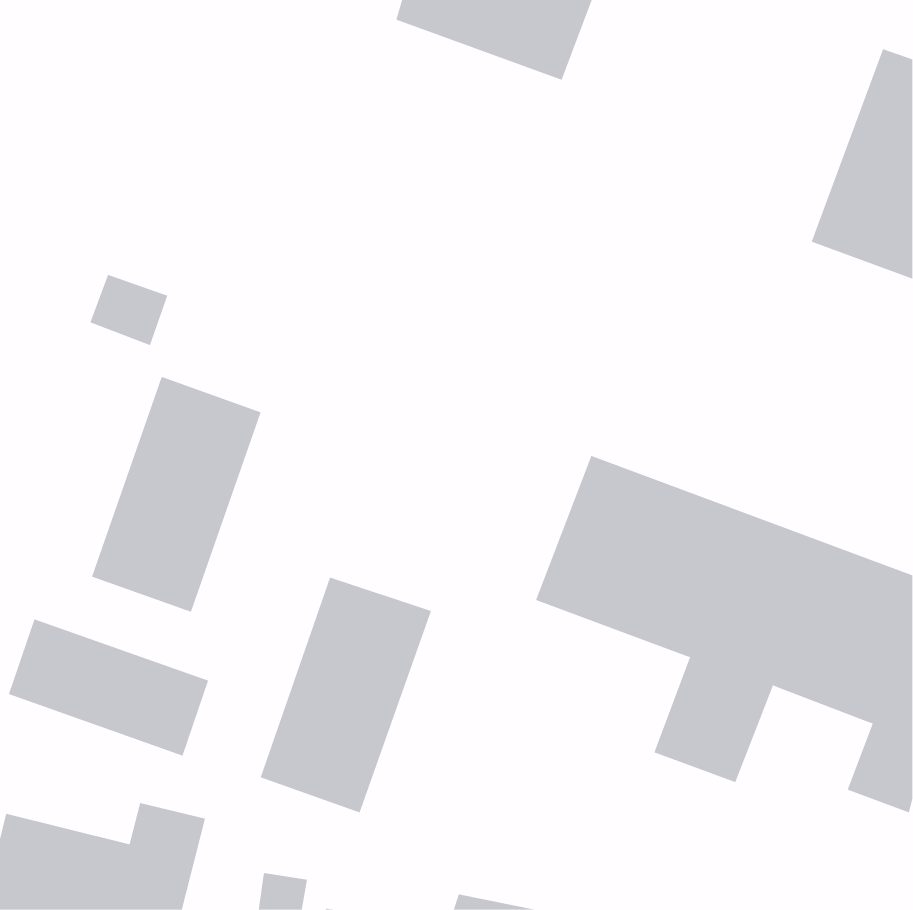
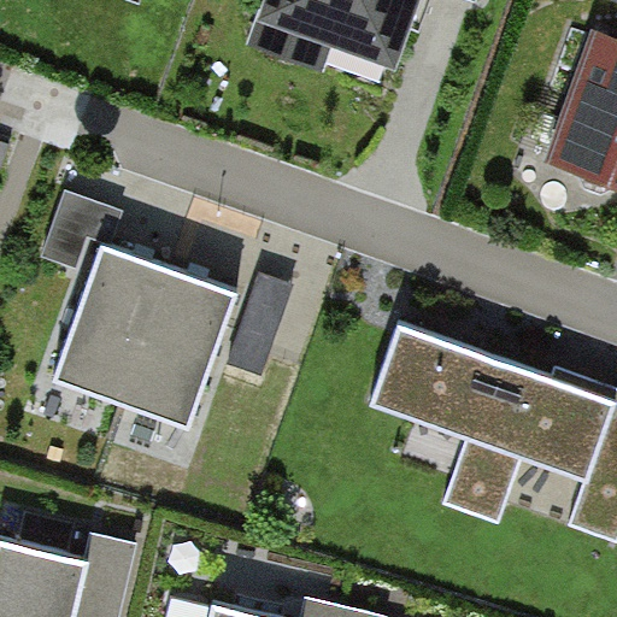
building: [260,577,432,813] -> [129,277,245,436]
building: [8,618,209,756] -> none

